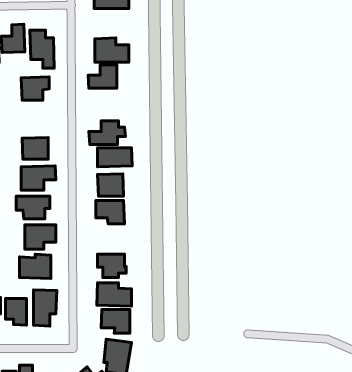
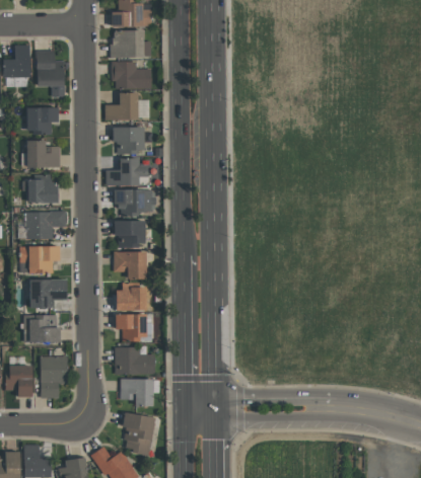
building: none -> [111,30,152,59]
building: none -> [113,127,145,153]
building: none -> [27,140,61,167]
building: none -> [116,284,147,311]

